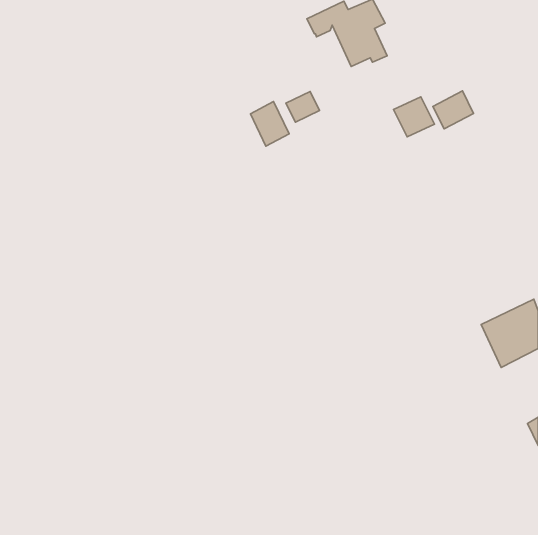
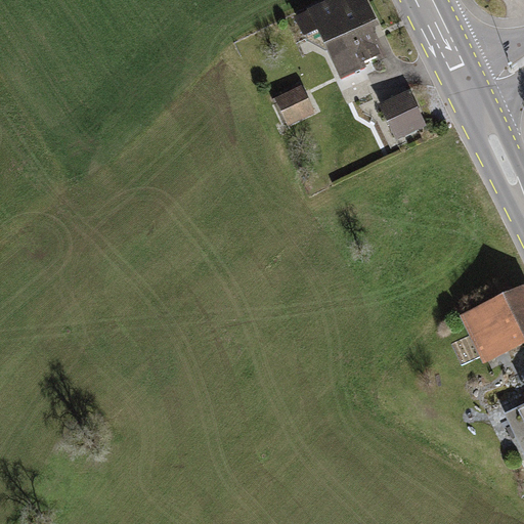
building: [433,91,474,129] -> none
building: [250,101,289,146] -> none

